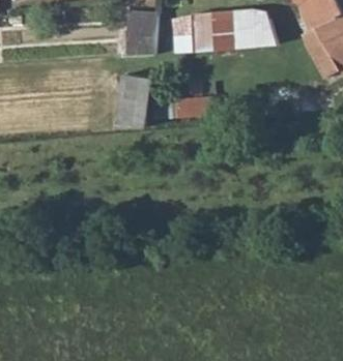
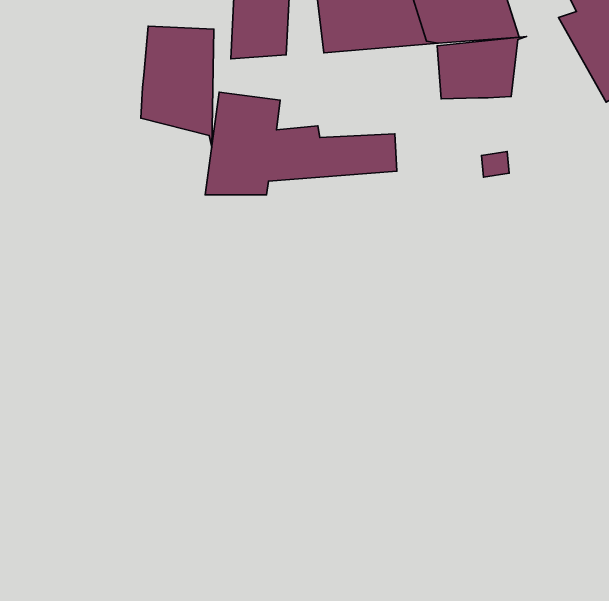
building: none -> [141,26,214,147]
building: none -> [437,36,527,99]

